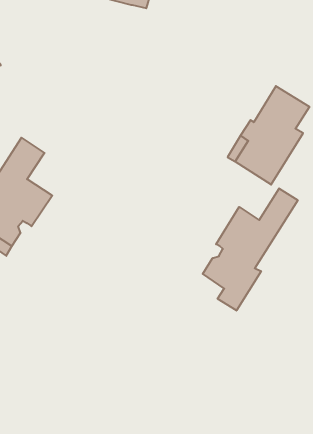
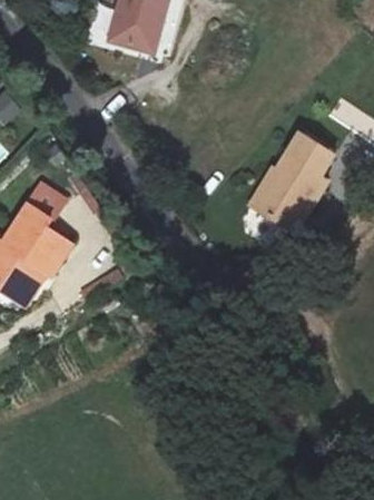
building: [203,188,298,311] -> none

